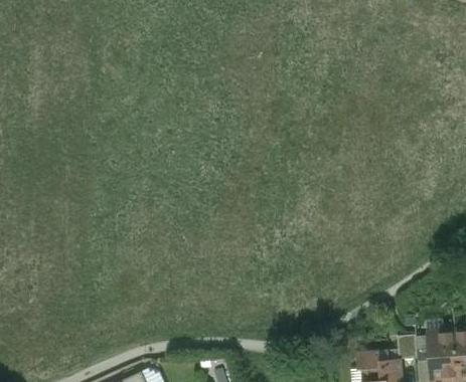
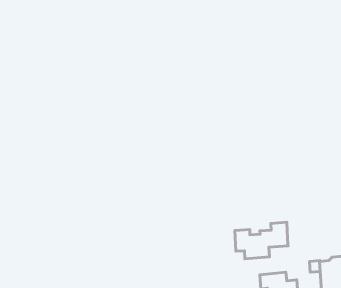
building: none -> [235,222,288,259]

